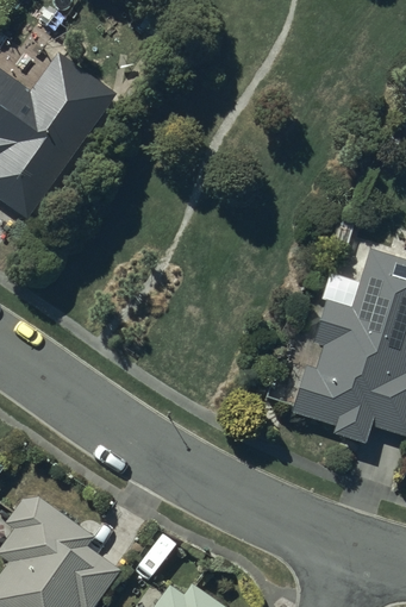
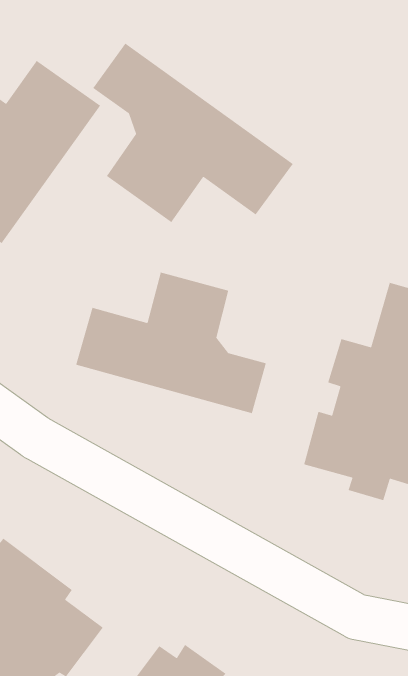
building: none -> [92,42,294,223]
building: none -> [75,271,267,414]

